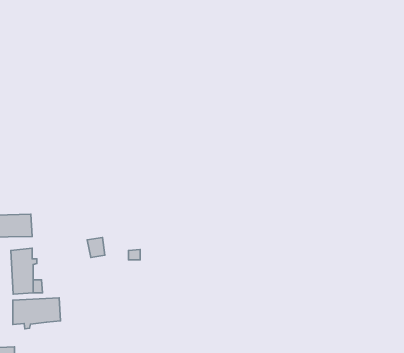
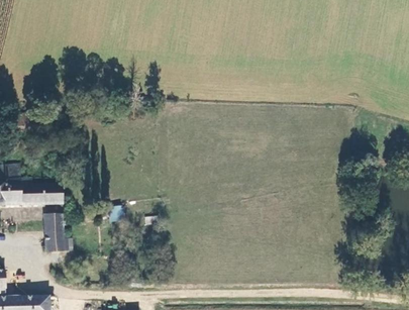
building: [13,298,60,329] -> none

